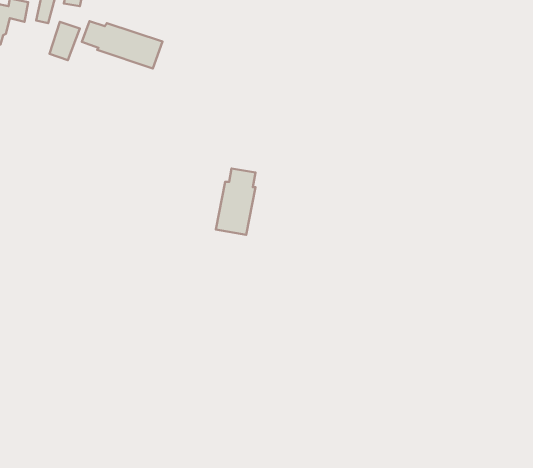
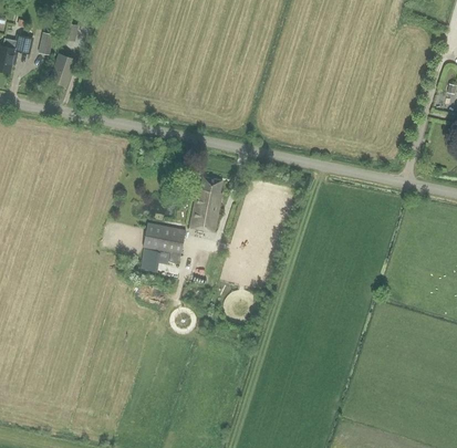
building: [82,21,163,68] -> none
building: none -> [143,222,185,269]

